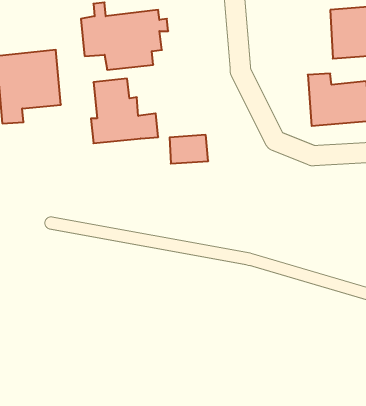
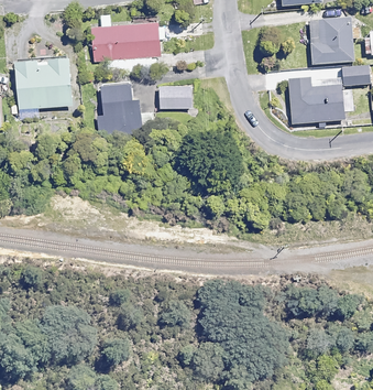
building: [170,135,208,164] -> [157,85,191,110]

